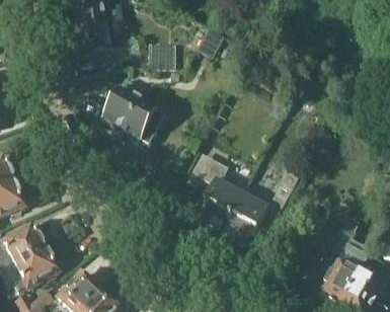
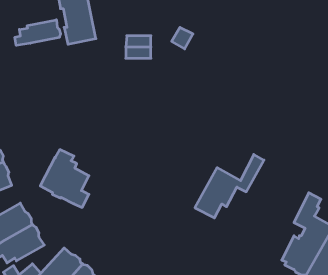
building: none -> [15,20,61,45]
building: [103,81,156,144] -> [40,150,89,207]
building: [200,158,246,230] -> none

